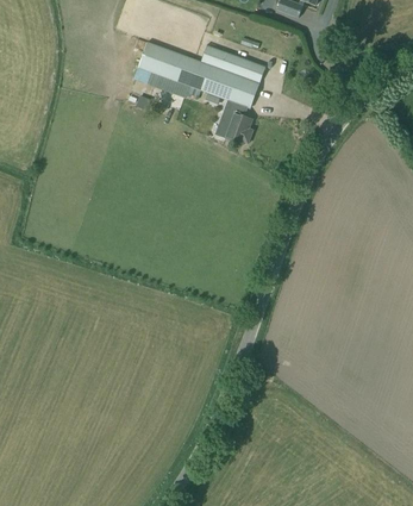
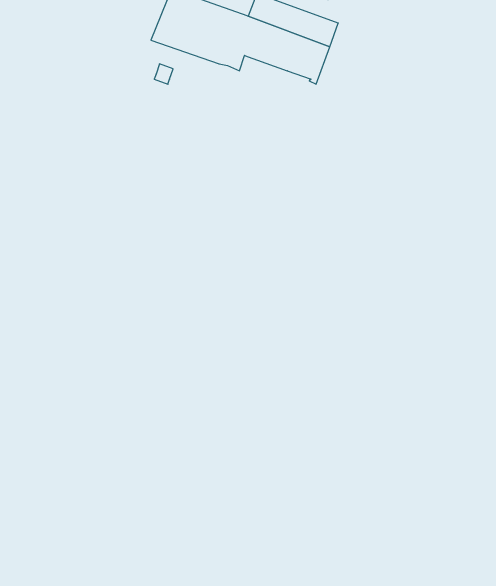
building: [219,99,251,145] -> none

